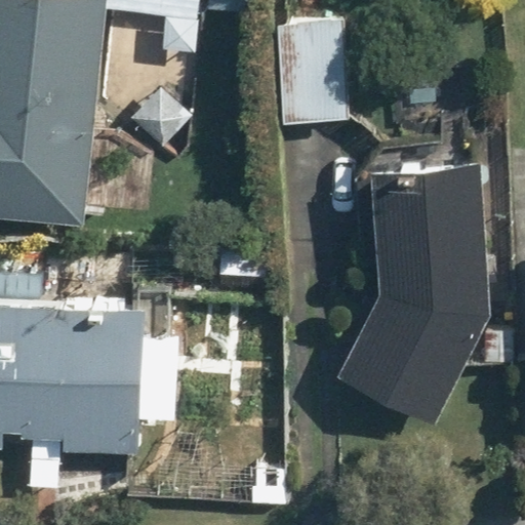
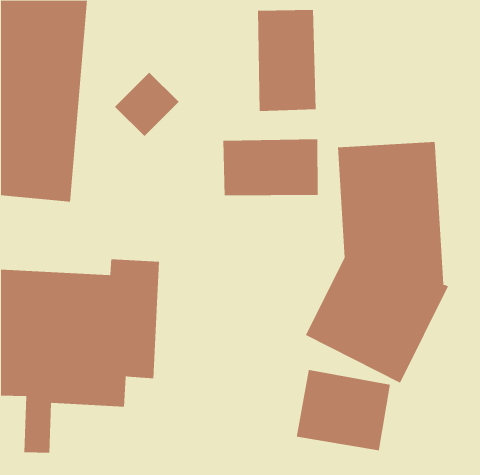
building: none -> [223,139,318,196]
building: none -> [296,369,391,451]

